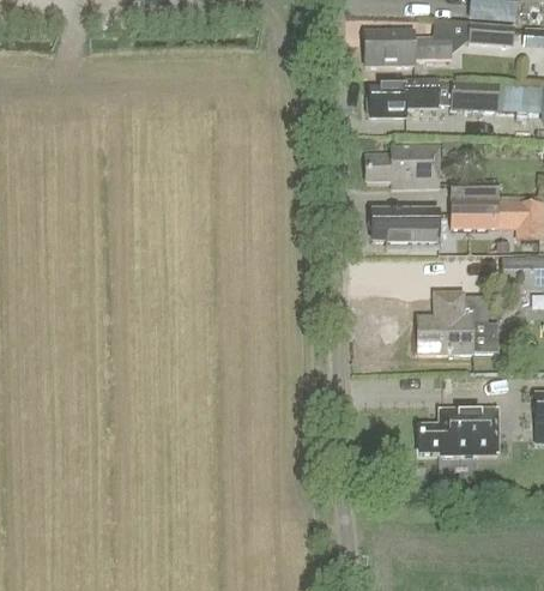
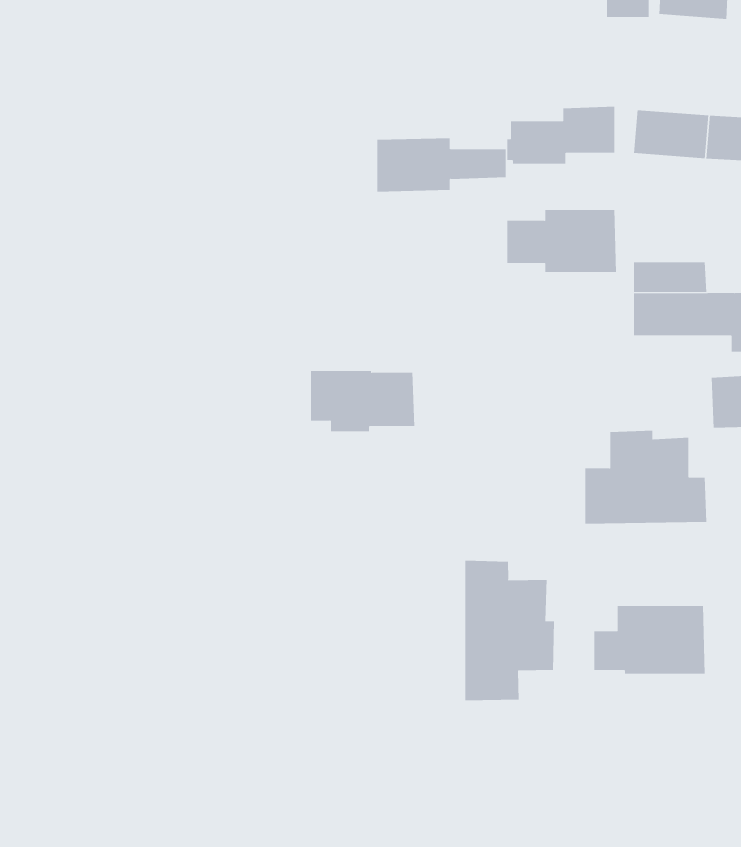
building: [469,20,515,44] -> none
building: [365,29,452,65] -> [376,138,507,192]
building: [369,210,439,251] -> [310,371,415,432]
building: none -> [465,560,555,701]

